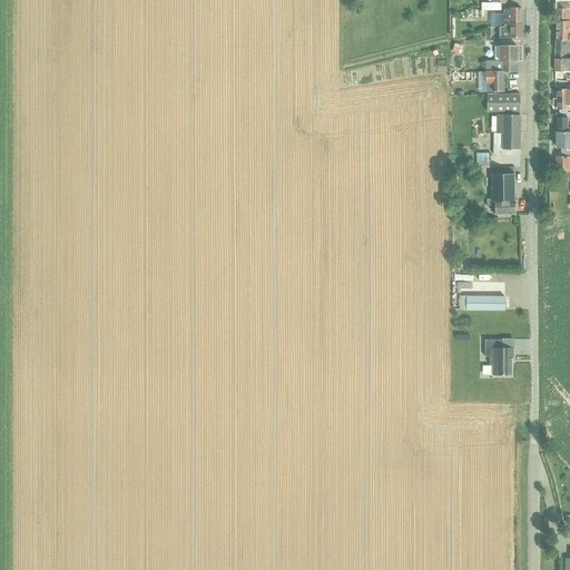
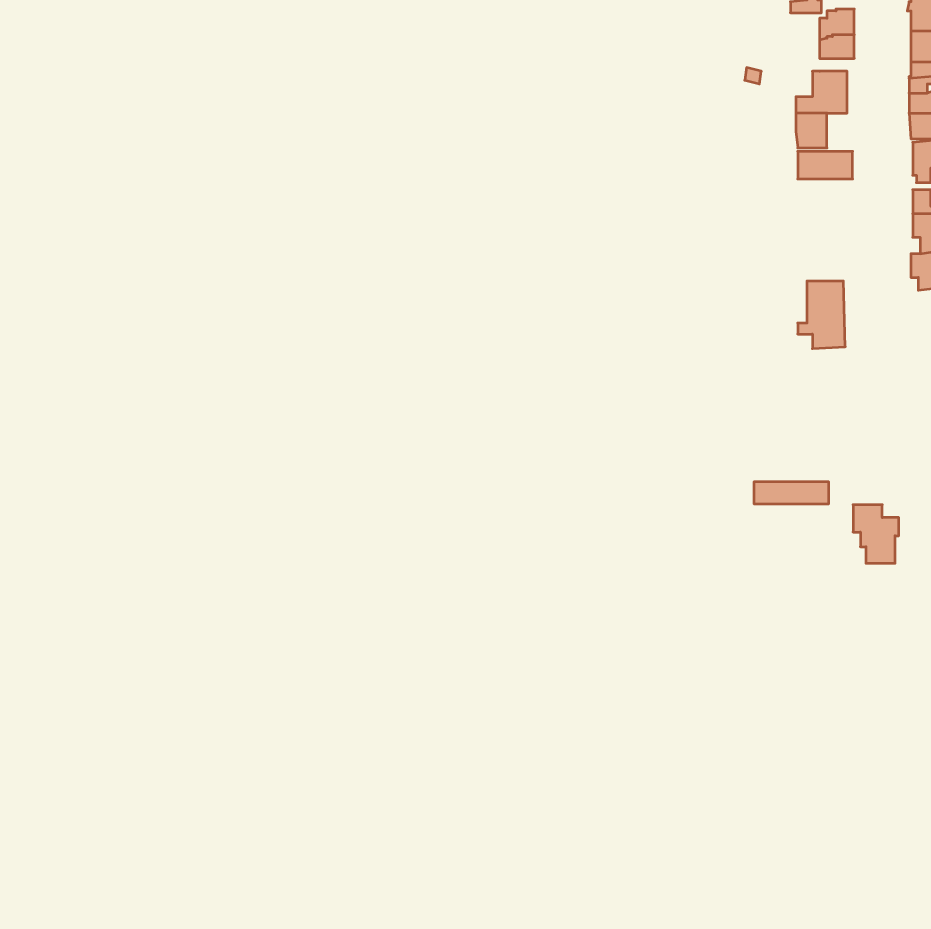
building: [495,112,522,147] -> none
building: [487,337,514,373] -> [853,505,899,563]

